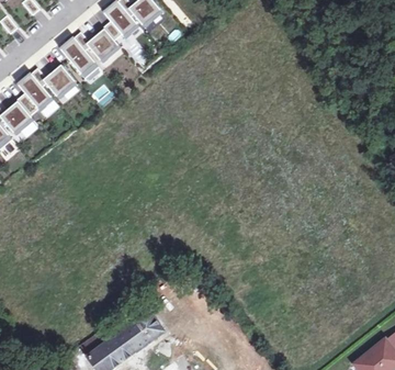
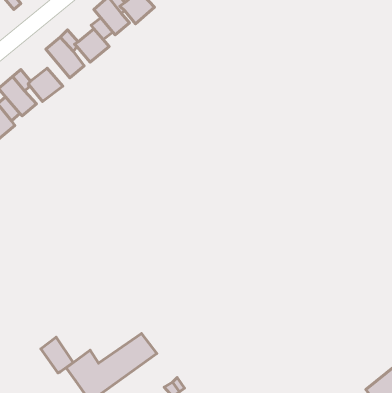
building: none -> [41,337,73,373]

